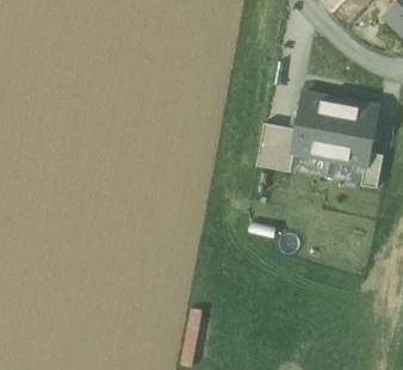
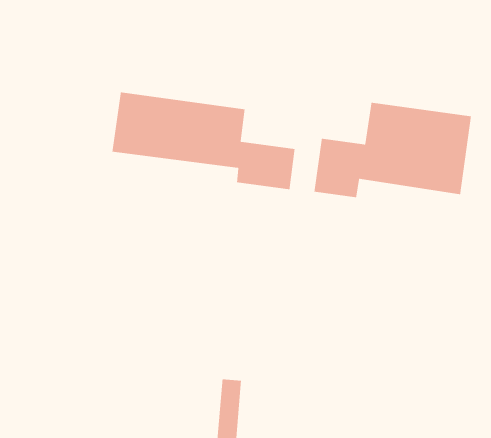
building: none -> [112,92,296,190]

